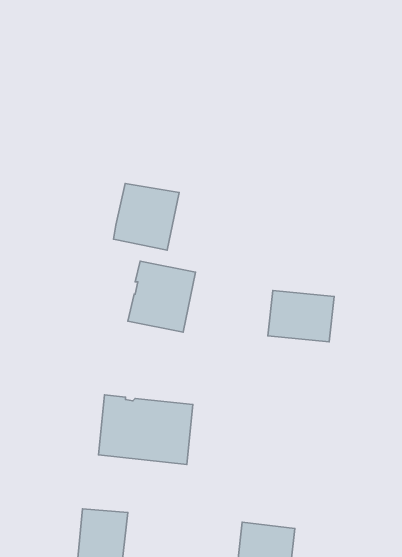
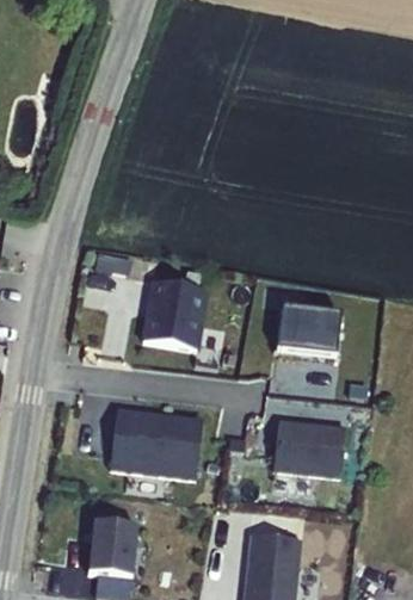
building: [113,183,179,250] -> none
building: none -> [275,419,349,475]

